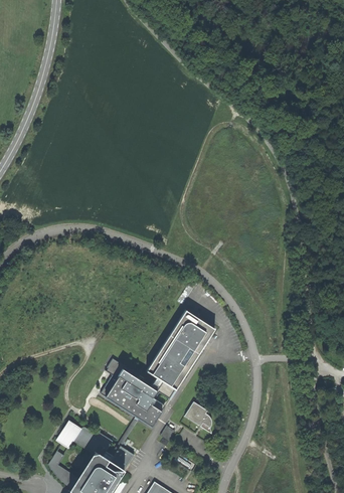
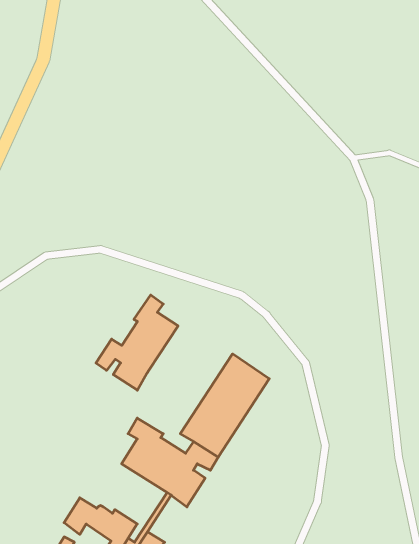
building: none -> [96,295,178,390]
building: [184,401,211,434] -> none

